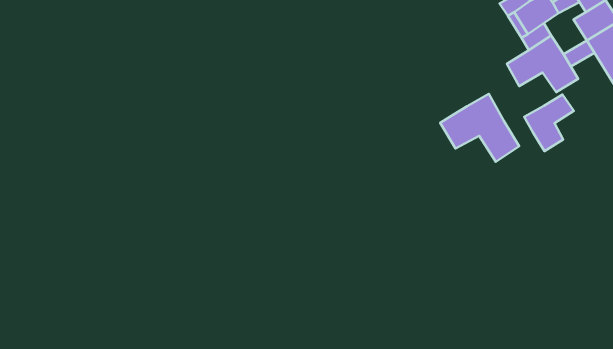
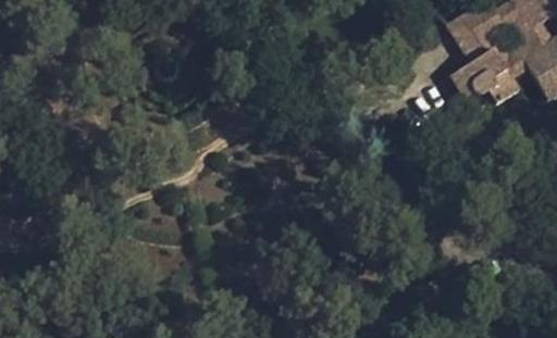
building: [440,94,519,162] -> none
building: [524,94,574,151] -> none

